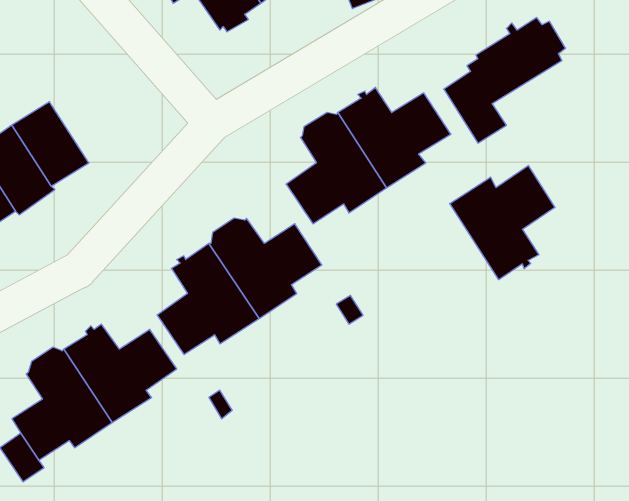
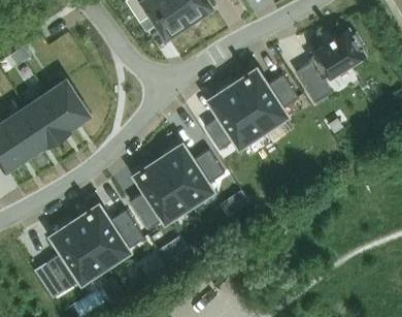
building: [450,165,555,280] -> none

